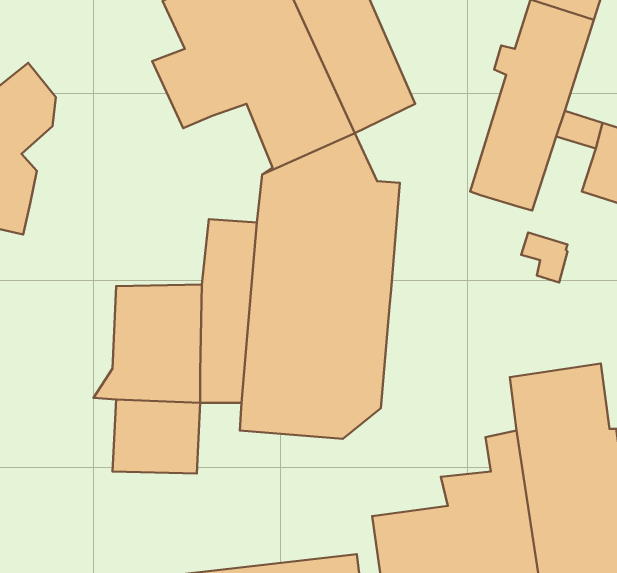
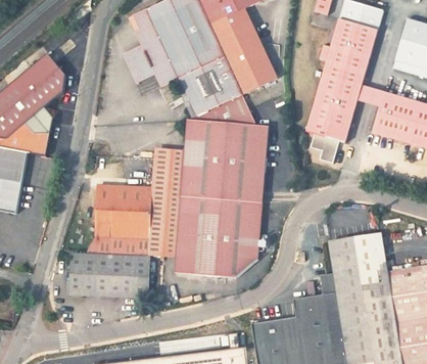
building: [521,233,568,282] -> [311,132,338,162]
building: none -> [66,253,98,297]

